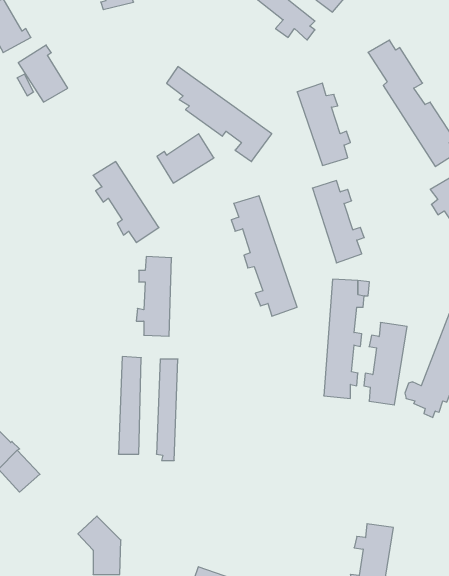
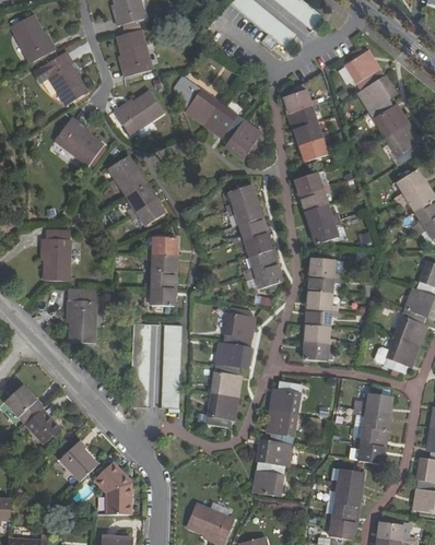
building: none -> [116,29,150,75]
building: none -> [56,118,103,164]
building: [157,134,214,183] -> [113,91,162,133]
building: none -> [39,239,68,282]
building: none -> [67,288,95,343]
building: [364,323,407,405] -> [356,392,393,463]
building: none -> [207,313,251,428]
building: none -> [257,382,302,496]
building: none -> [60,440,99,479]

